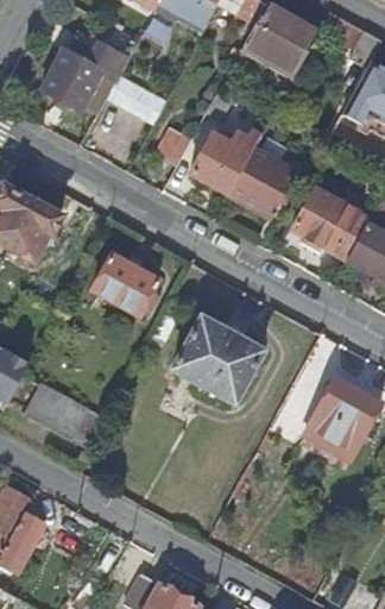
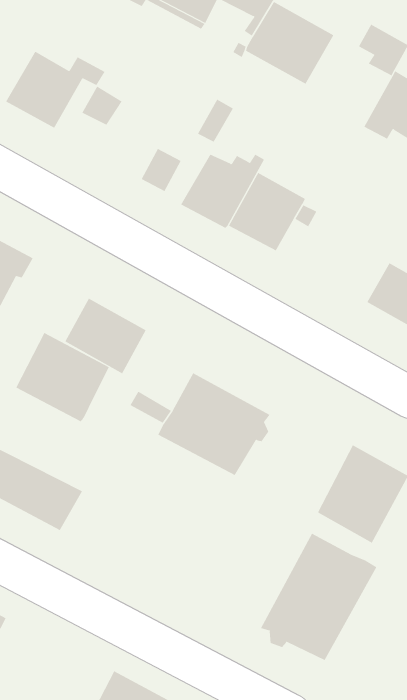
building: [292,188,368,257] -> none
building: none -> [16,332,109,422]
building: none -> [260,533,377,661]

